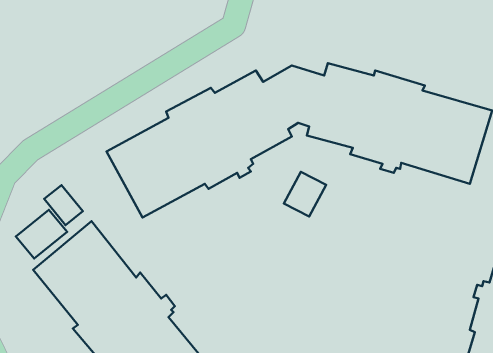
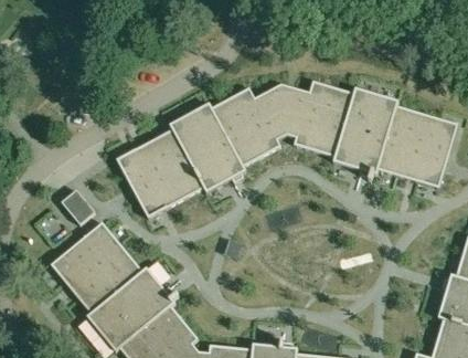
building: [284,172,326,217] -> none
building: [16,210,67,259] -> none

